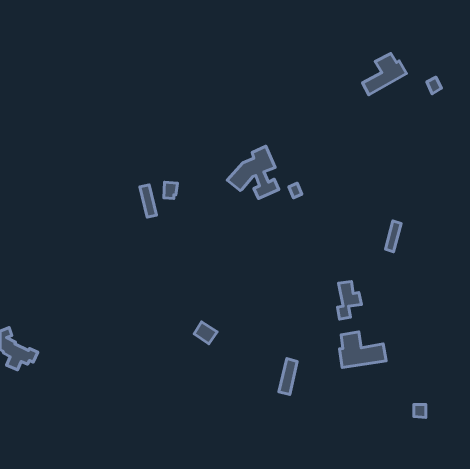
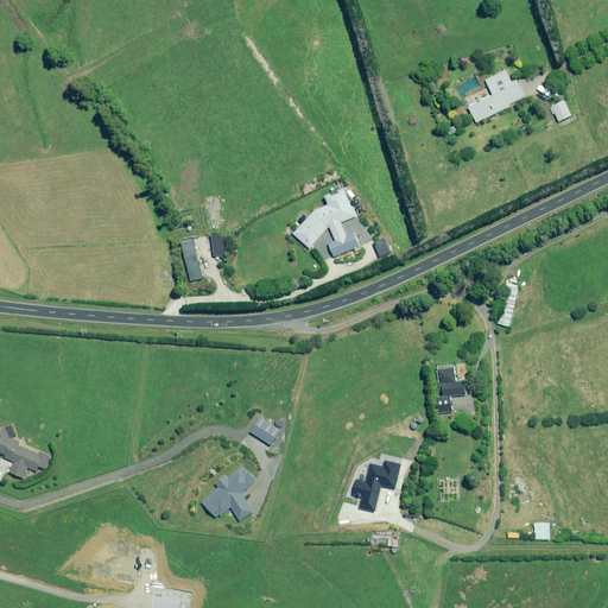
building: [339,332,386,368] -> none
building: none -> [202,467,255,520]

